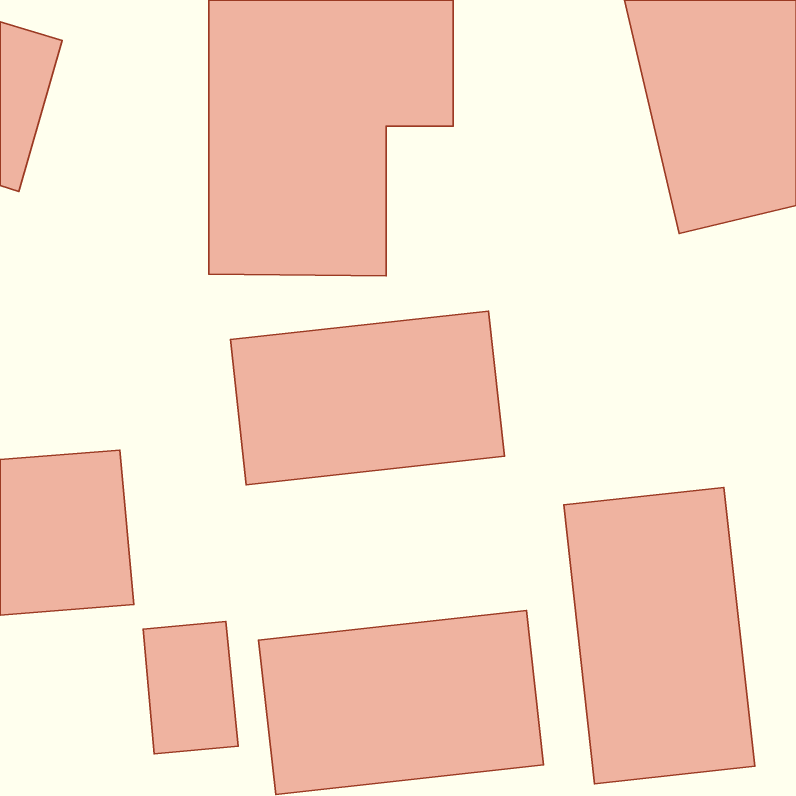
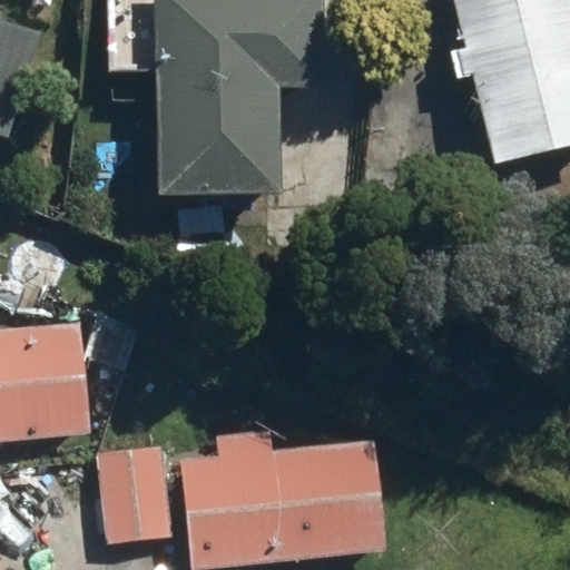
building: [230,311,504,485] -> none
building: [564,487,755,784] -> none

